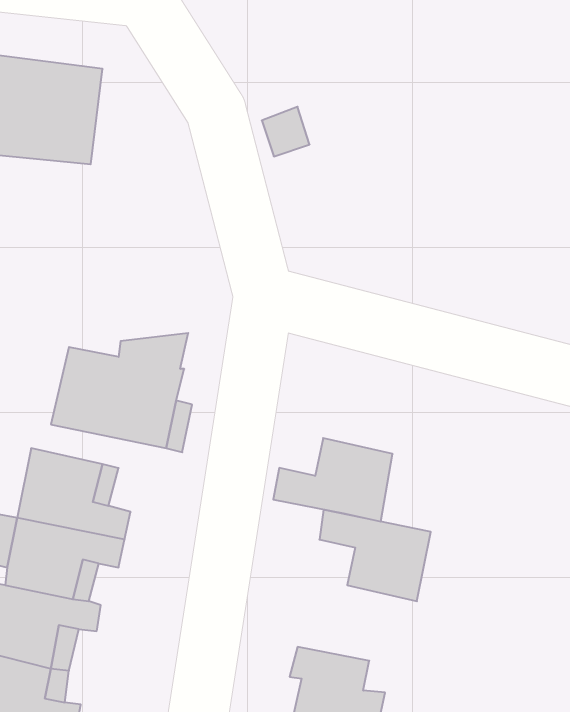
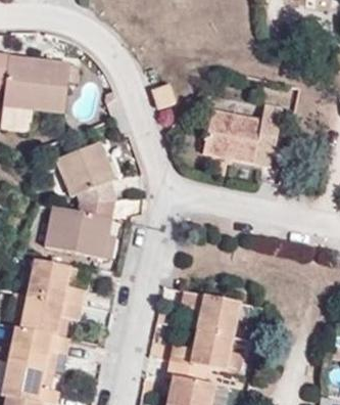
building: none -> [204,104,283,168]
building: none -> [57,141,116,204]
building: [273,438,393,522] -> [171,329,232,372]

